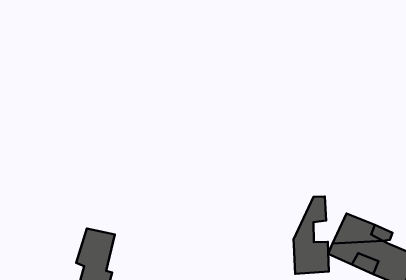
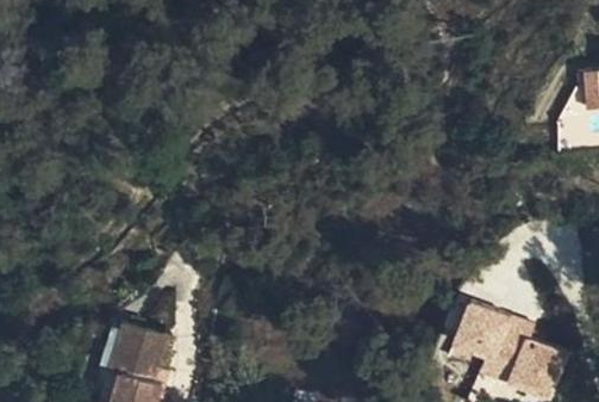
building: [293,196,329,274] -> none

